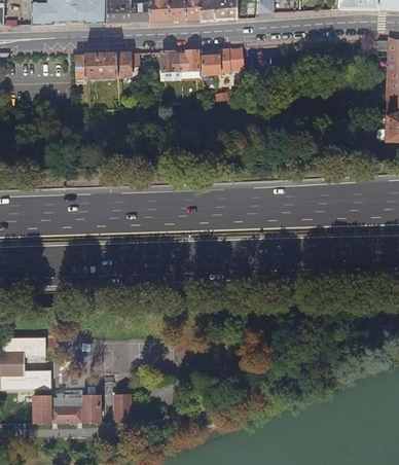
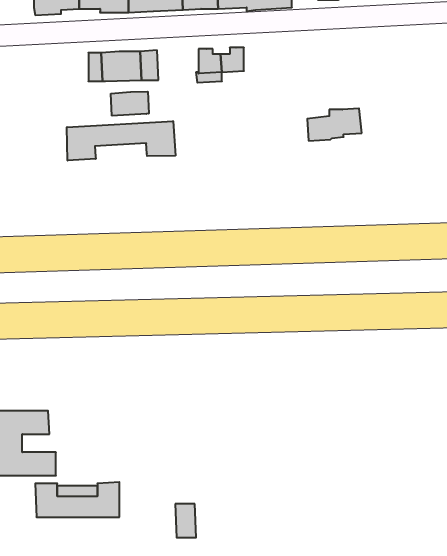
building: [202,47,245,73] -> [307,108,362,141]
building: none -> [111,92,149,116]
building: none -> [67,121,175,161]
building: [114,394,131,421] -> [175,504,196,538]

